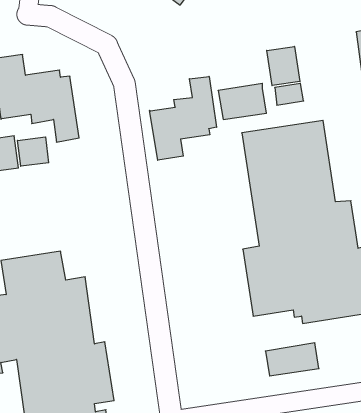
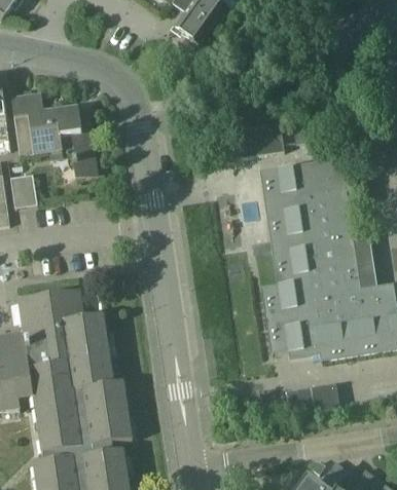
building: [267,46,300,86] -> none
building: [150,76,217,160] -> none
building: [18,137,49,166] -> none

